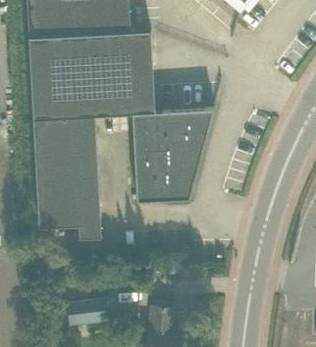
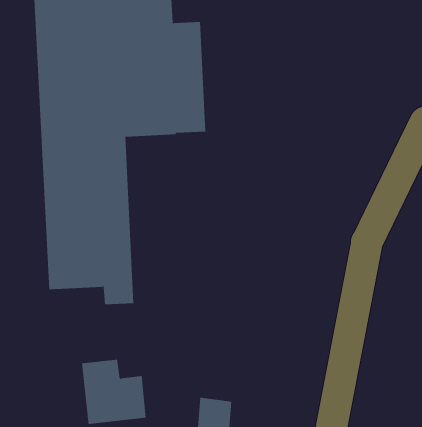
building: [132,110,213,207] -> none

